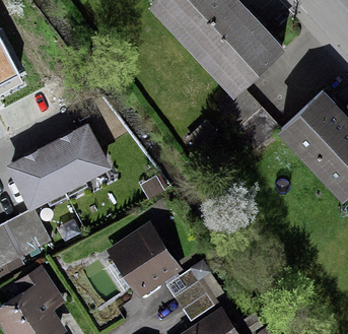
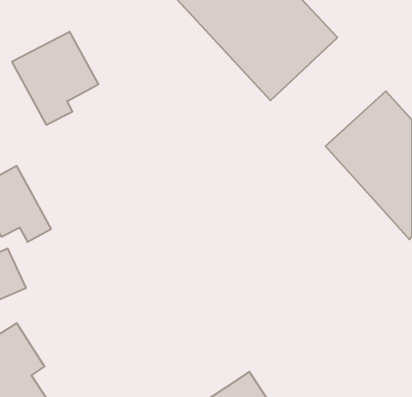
building: [40,125,107,197] -> [12,32,99,125]
building: [105,219,180,296] -> none
building: [164,270,213,323] -> none

